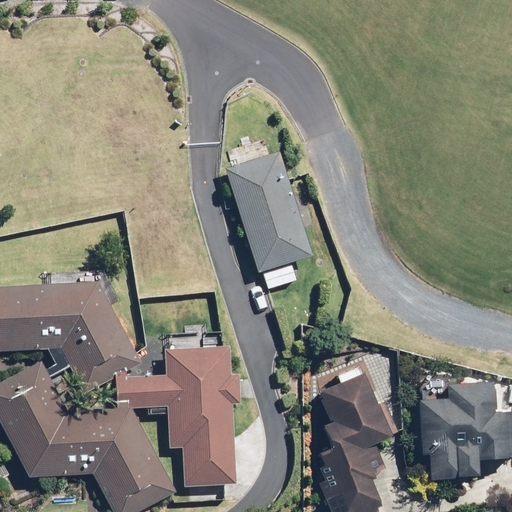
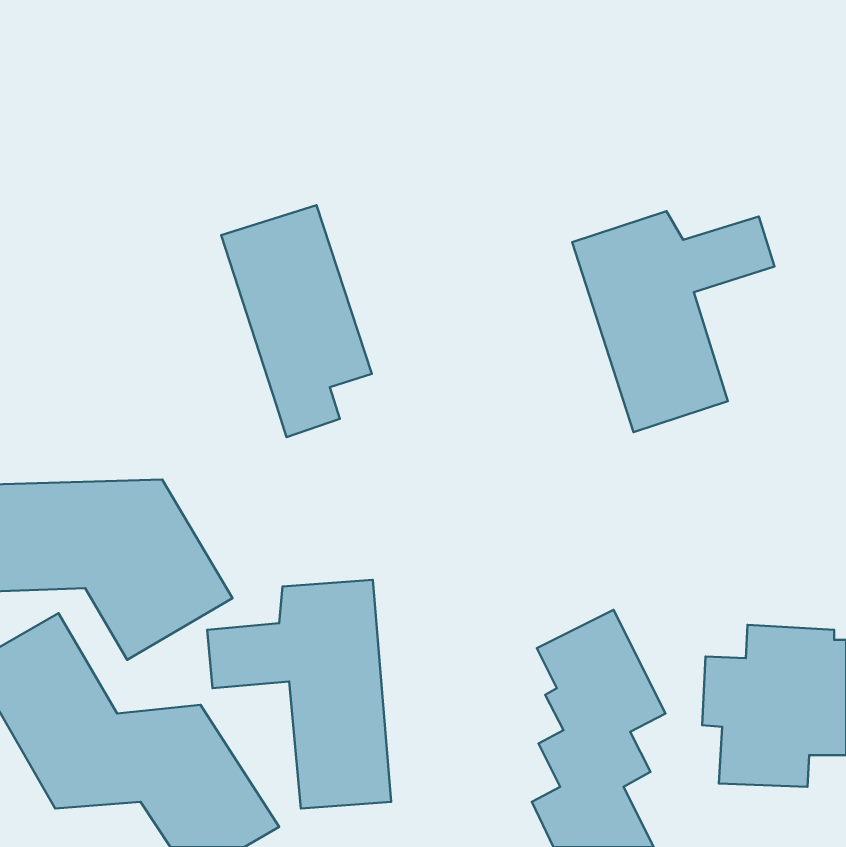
building: none -> [572,211,775,432]
building: [226,146,316,285] -> [221,205,372,437]

